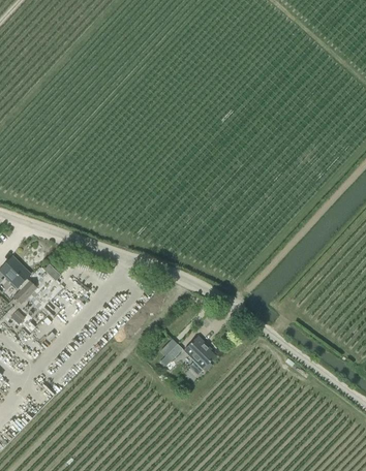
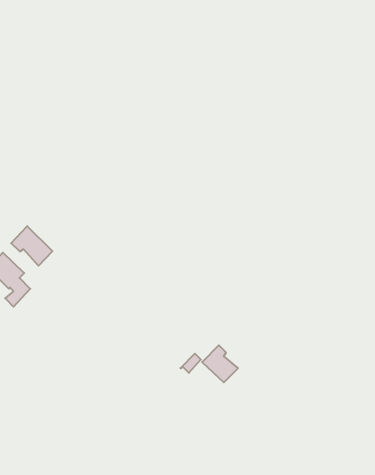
building: none -> [11,226,52,266]

